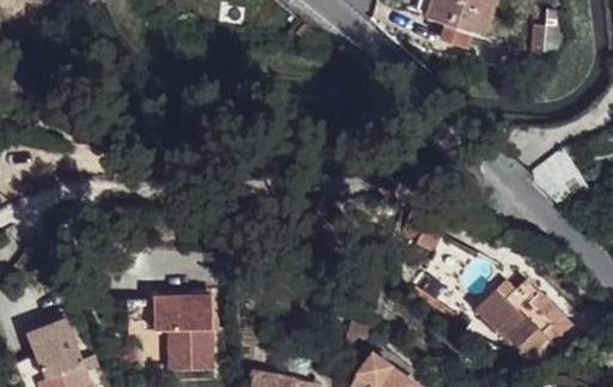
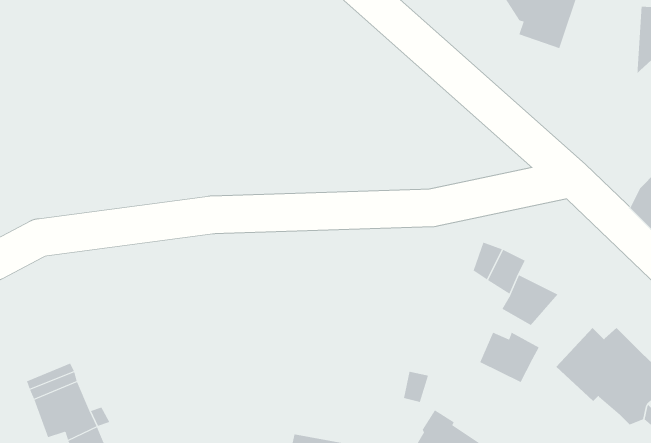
building: none -> [479,332,539,383]
building: [154,290,216,368] -> none

